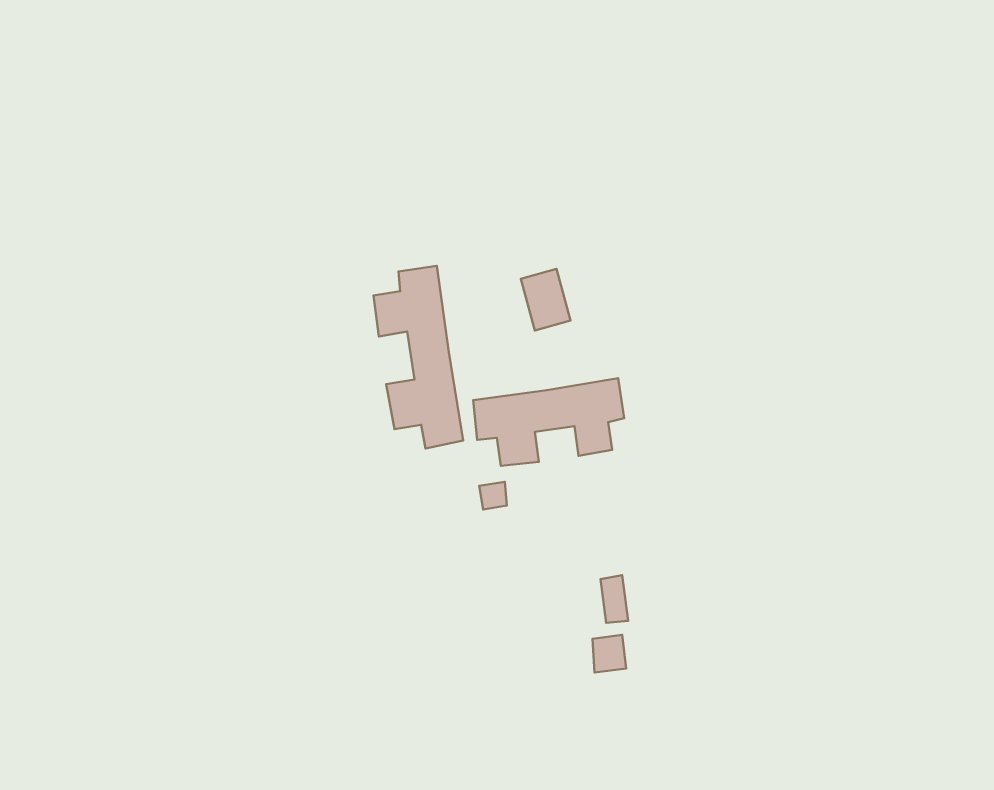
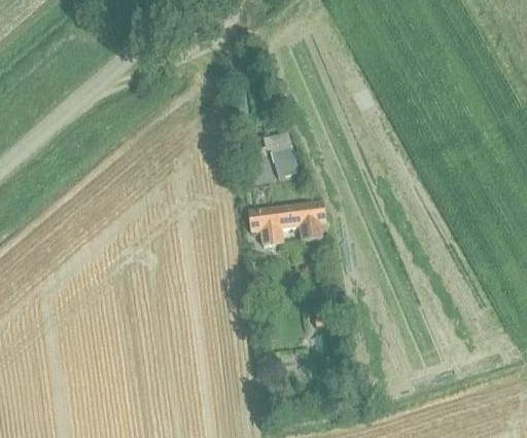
building: [373,266,463,449] -> none

